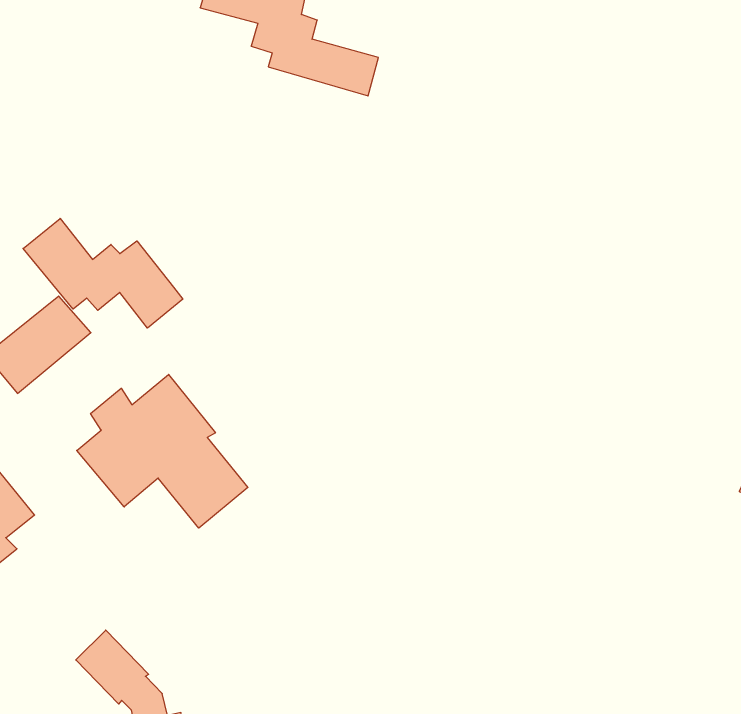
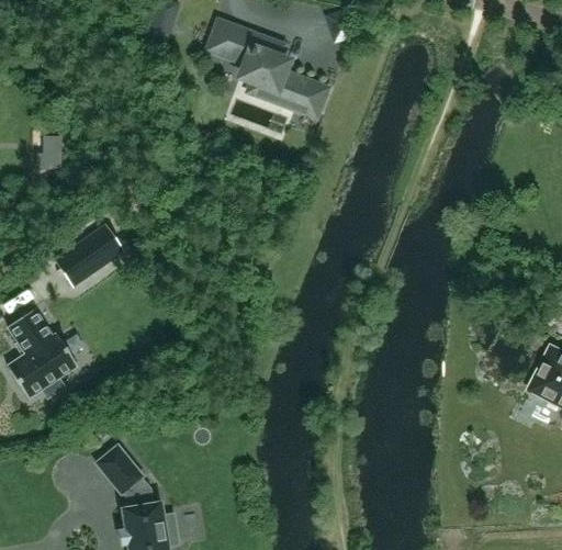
building: [23,218,183,328] -> none
building: [77,374,248,528] -> none

